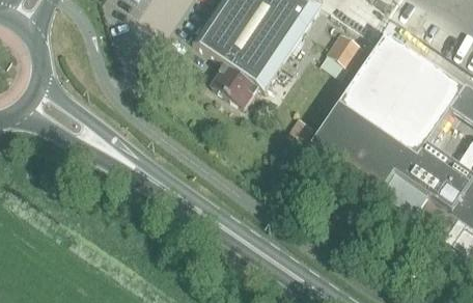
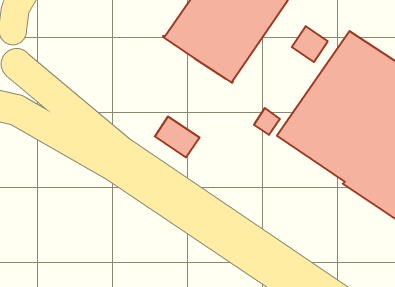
building: [210,63,256,106] -> [155,117,200,157]

